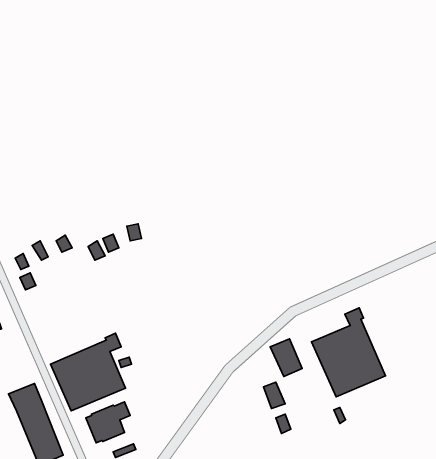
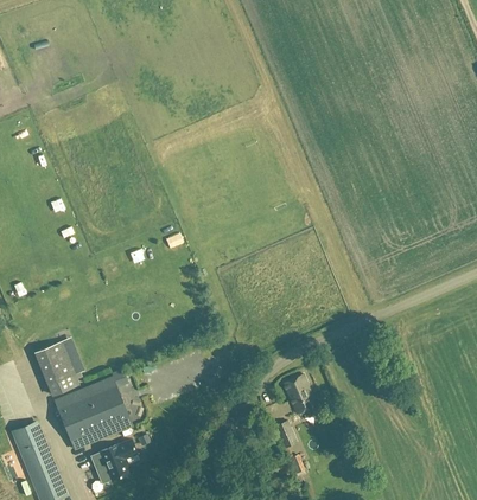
building: none -> [34,341,78,393]
building: [312,308,385,397] -> none

